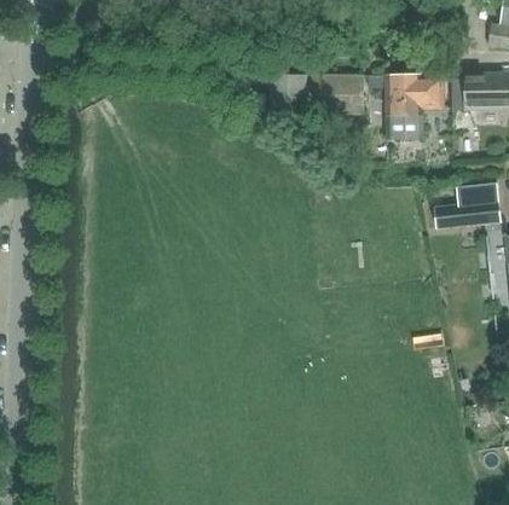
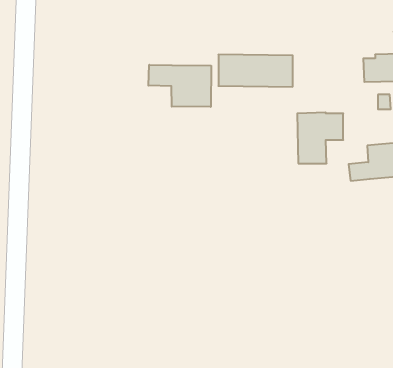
building: [387,75,444,138] -> [297,112,343,163]
building: none -> [148,65,211,107]

